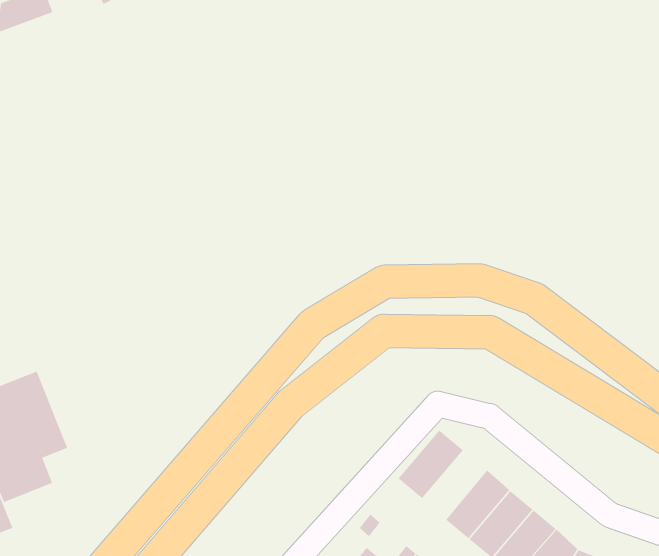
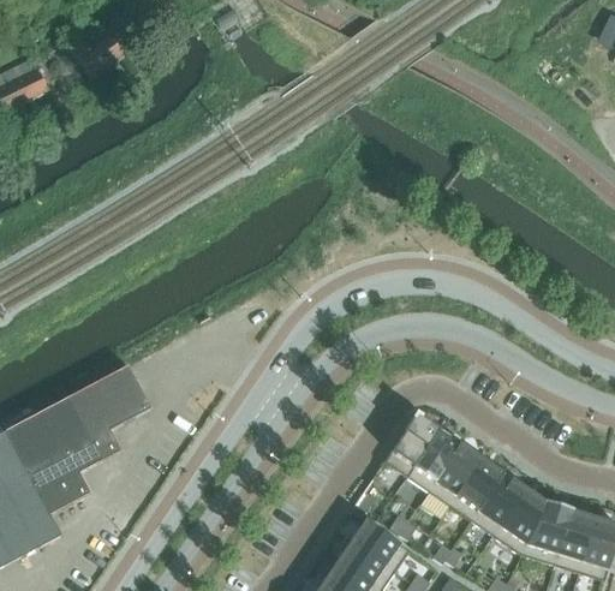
building: none -> [65,364,149,461]
building: none -> [406,428,459,489]

